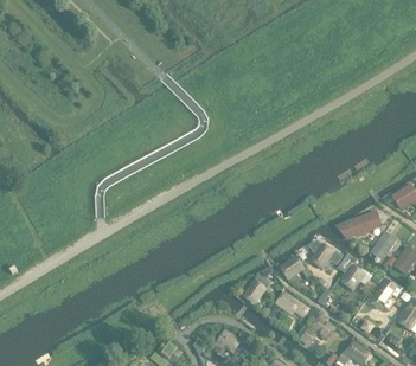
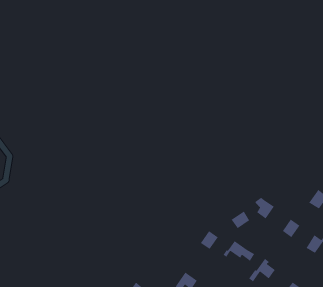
building: [333,210,382,238] -> none

